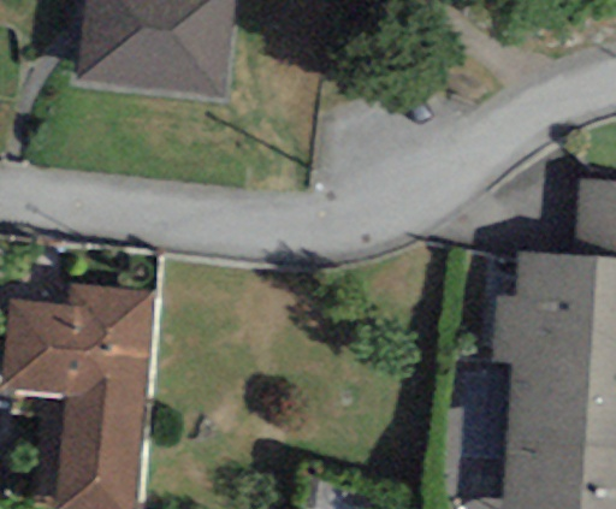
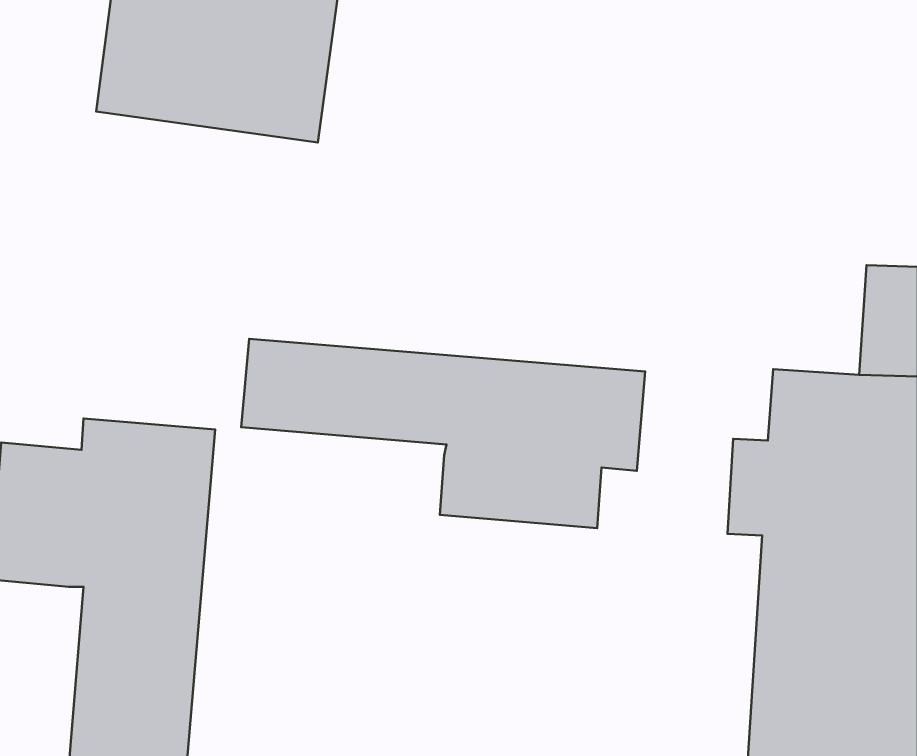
building: none -> [241,339,645,528]

